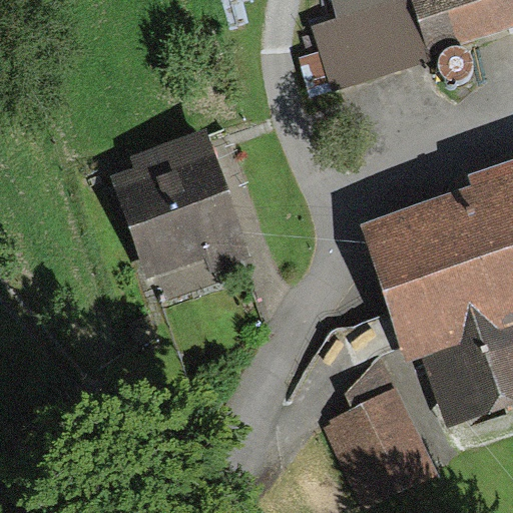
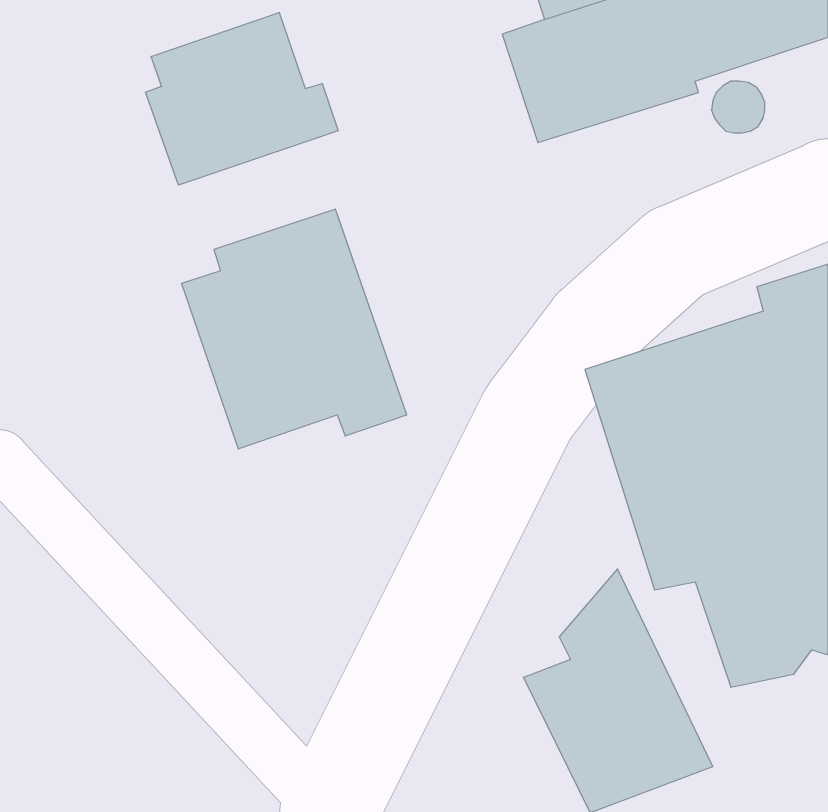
building: none -> [146,12,338,185]

